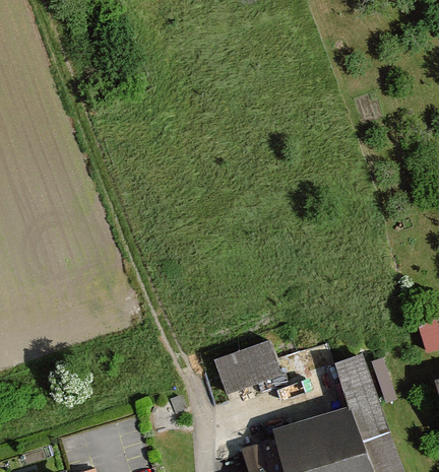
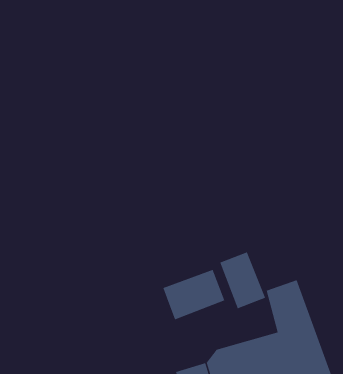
building: none -> [220,251,266,309]

